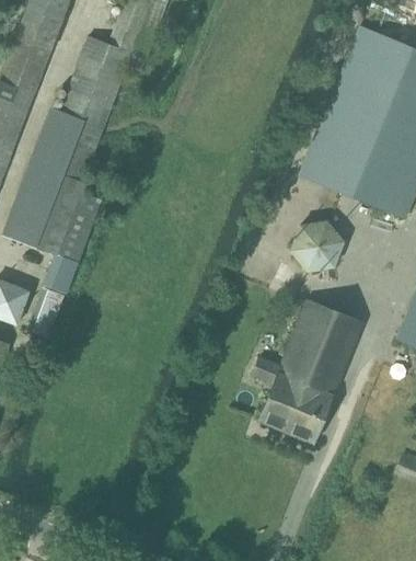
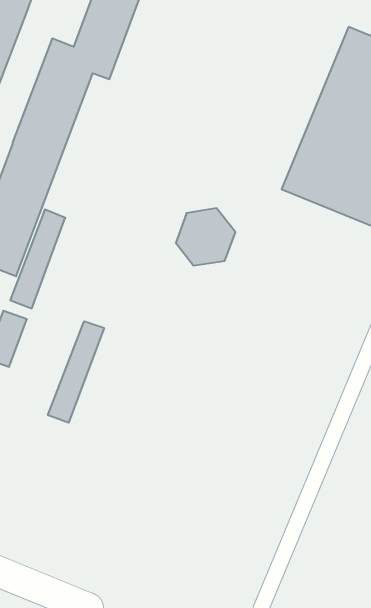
building: [290,219,345,272] -> [176,208,235,266]
building: none -> [48,321,104,423]
building: [253,302,360,443] -> none

